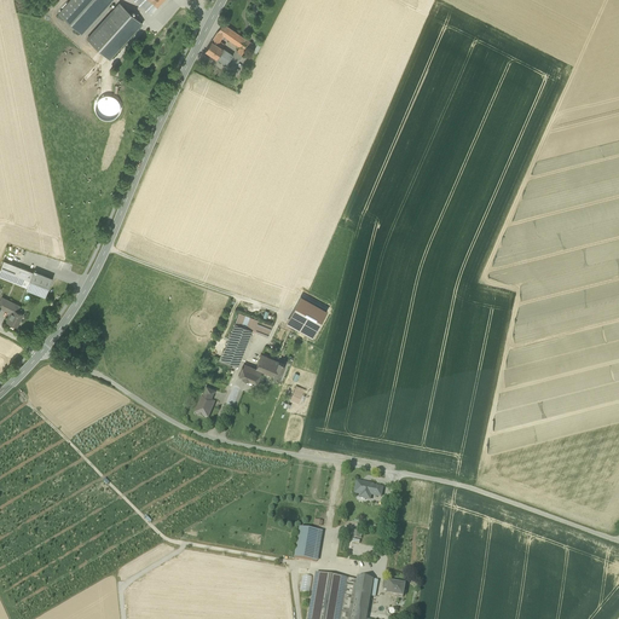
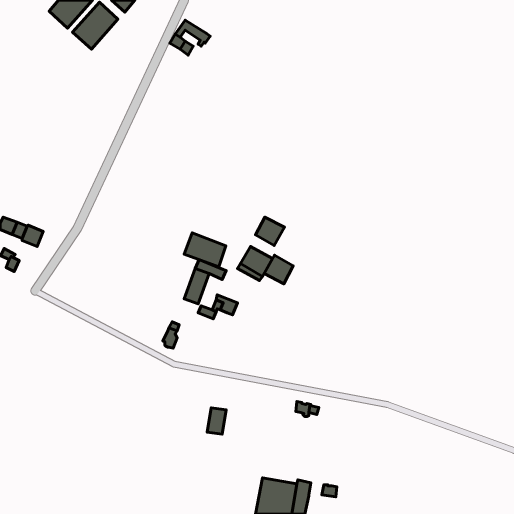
building: none -> [255,217,285,246]
building: none -> [184,233,226,267]
building: none -> [264,255,293,284]
building: [294,530,317,561] -> [207,408,226,434]

